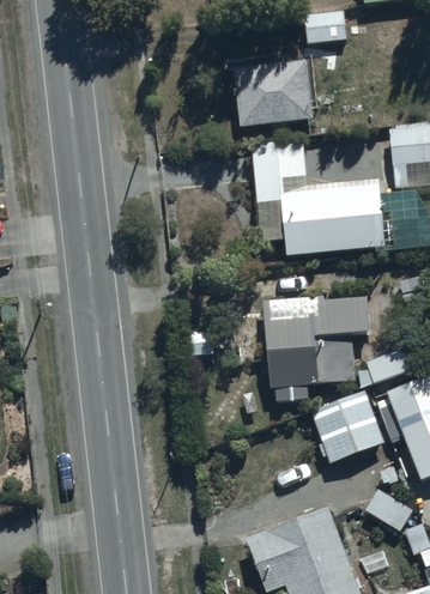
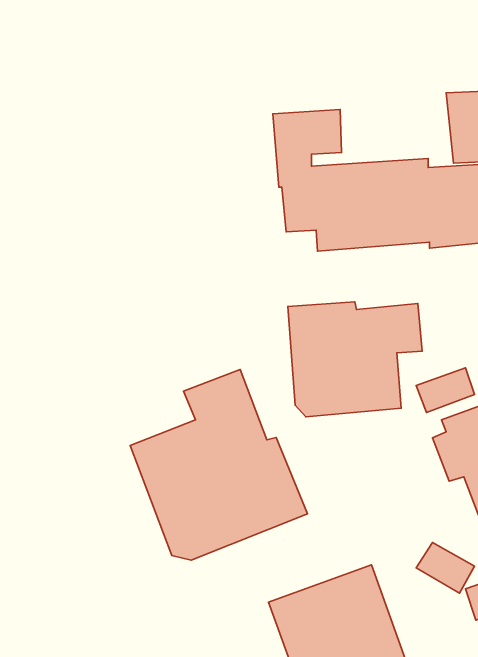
building: [232,60,314,129] -> none
building: none -> [130,369,307,560]
building: [310,390,384,462] -> none

